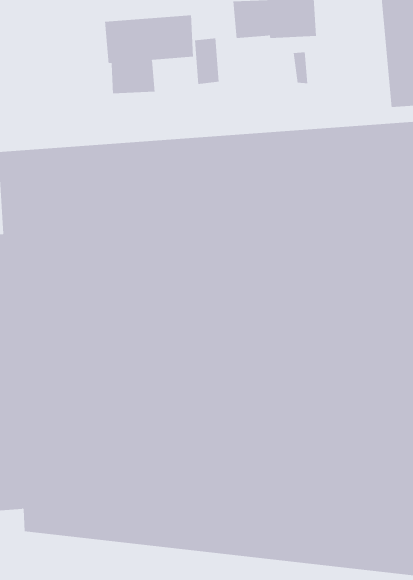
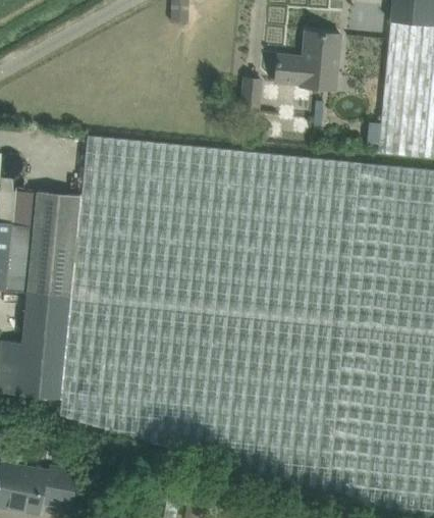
building: [104,15,194,94] -> none

